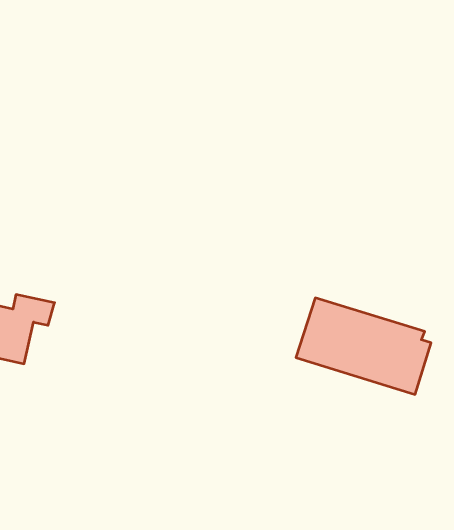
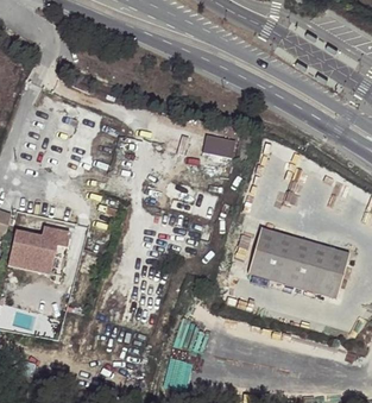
building: none -> [203,134,235,155]

